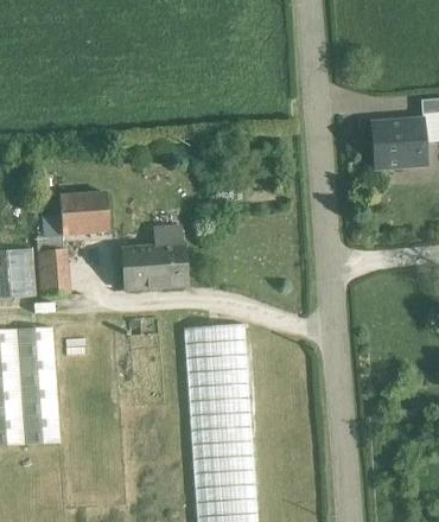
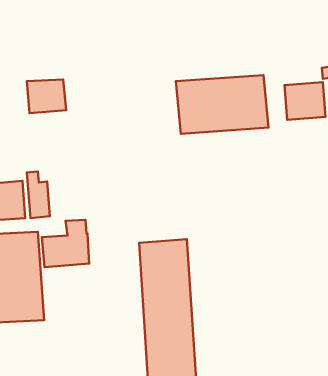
building: none -> [176,75,269,134]
building: [61,187,112,231] -> [27,79,66,113]
building: [123,229,185,291] -> [42,220,89,267]

